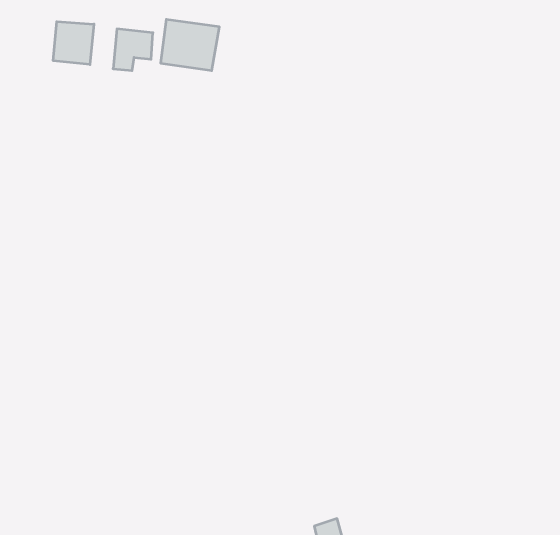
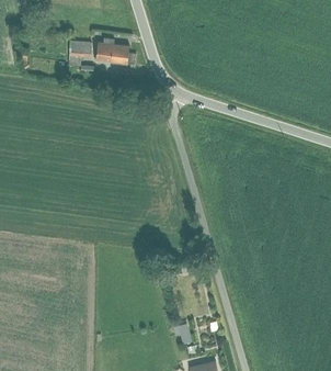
building: [53,22,94,65] -> none

